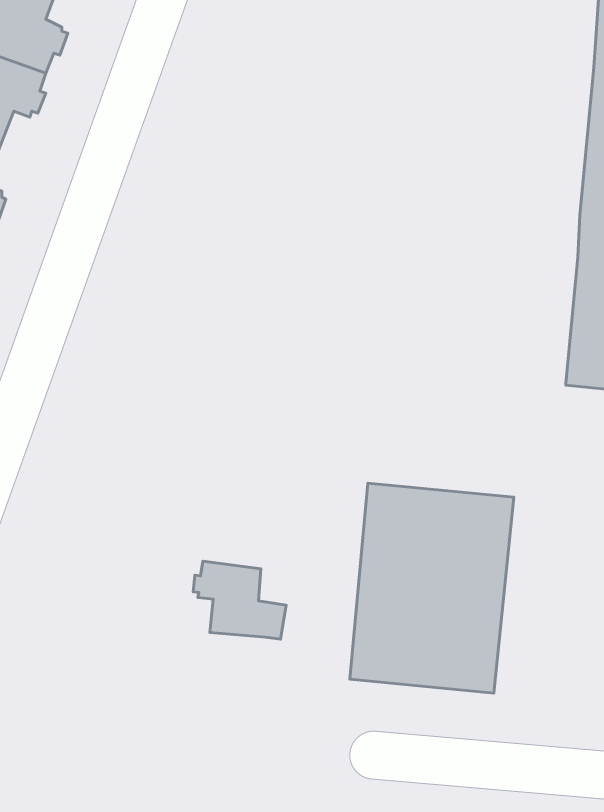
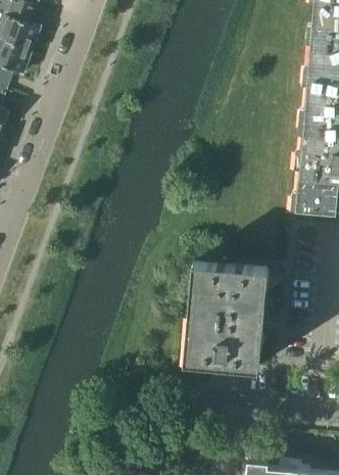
building: [193,561,286,639] -> none

